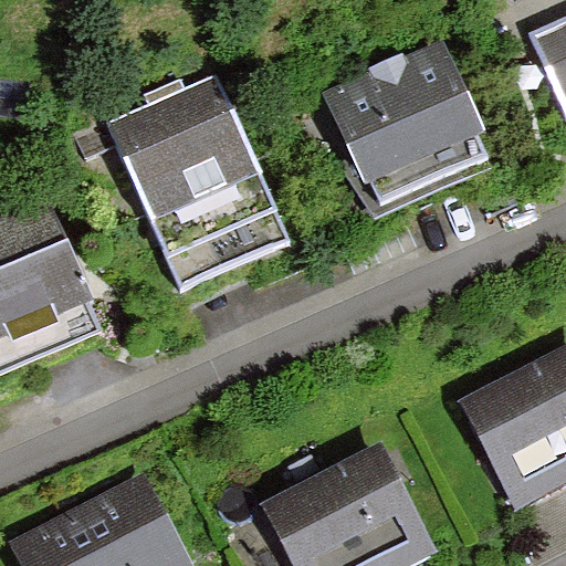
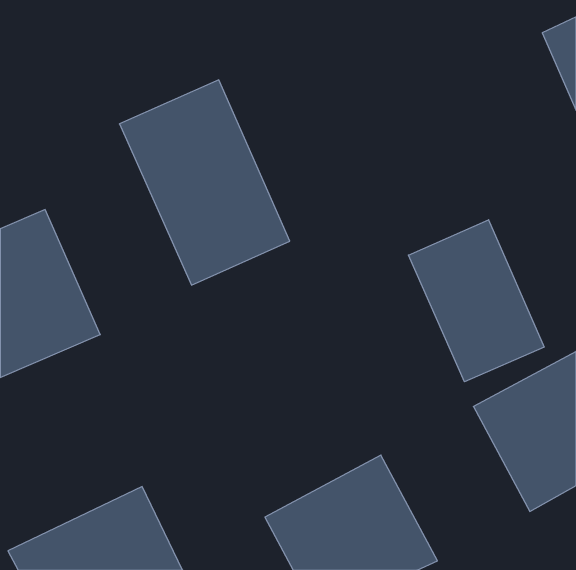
building: [328,50,490,212] -> none
building: none -> [408,220,544,382]

